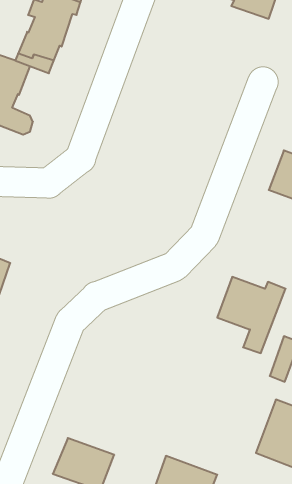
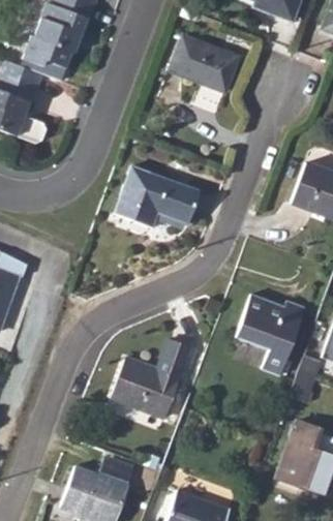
building: none -> [168,39,236,94]
building: none -> [115,166,200,226]
building: none -> [115,331,193,409]

